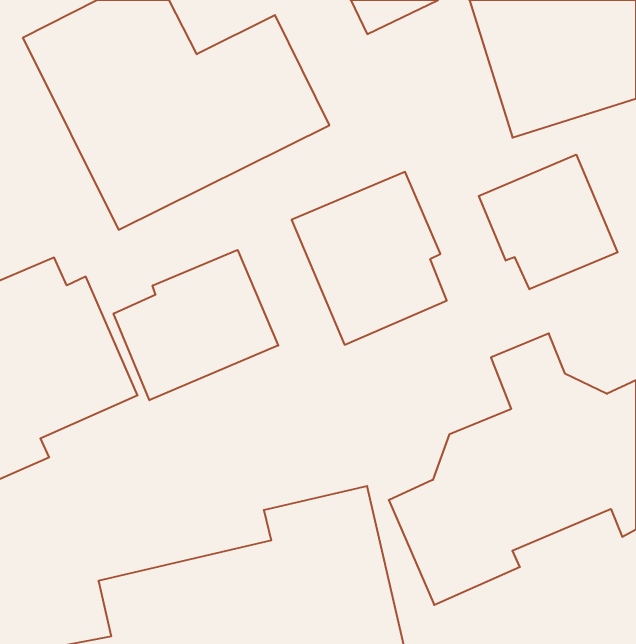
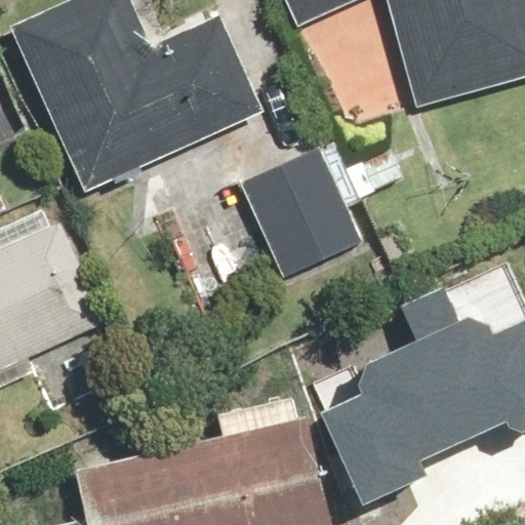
building: [479,155,618,289] -> none
building: [114,250,278,400] -> none

